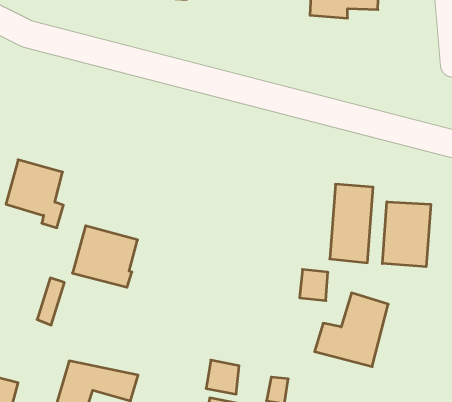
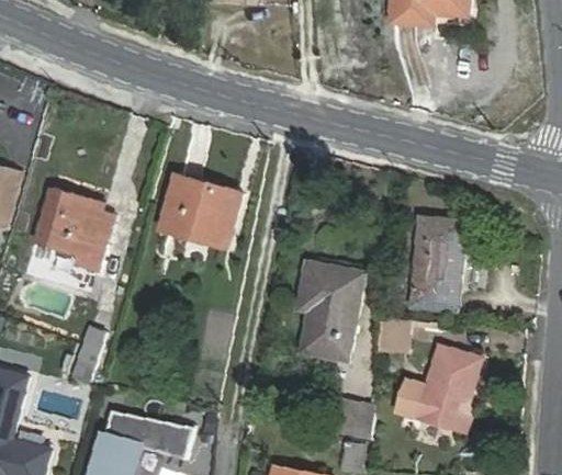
building: [382,202,431,267] -> none
building: none -> [299,261,363,360]
building: [72,226,138,287] -> [160,176,236,247]
building: [206,360,239,394] -> [334,397,372,437]

